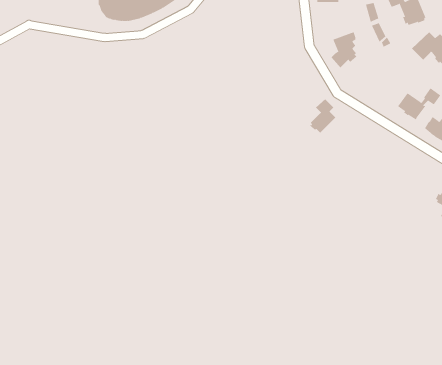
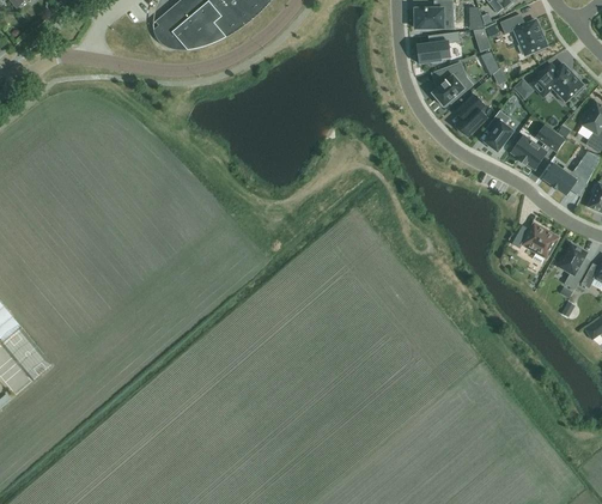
building: none -> [418,30,461,62]
building: none -> [485,109,513,150]
building: [309,99,336,134] -> [455,93,487,135]
building: none -> [512,221,559,262]

